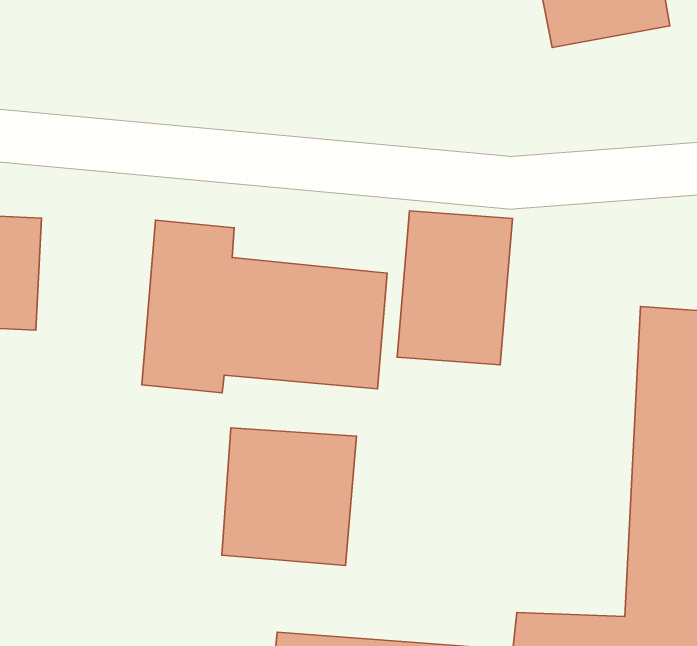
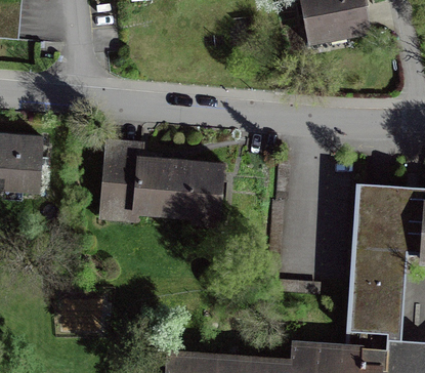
building: [397,211,513,365] -> none
building: [222,428,356,566] -> none

